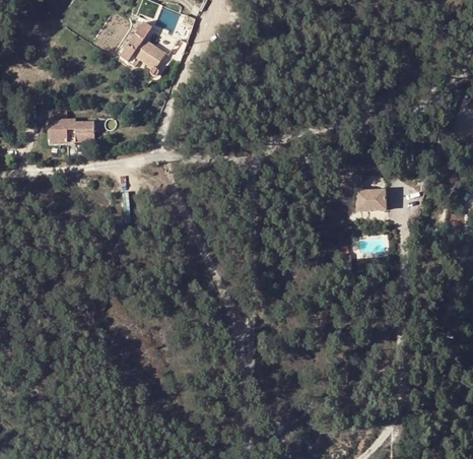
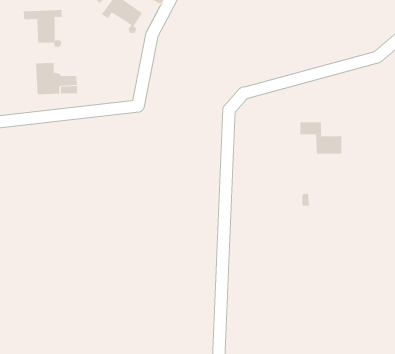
building: none -> [23,9,62,48]

